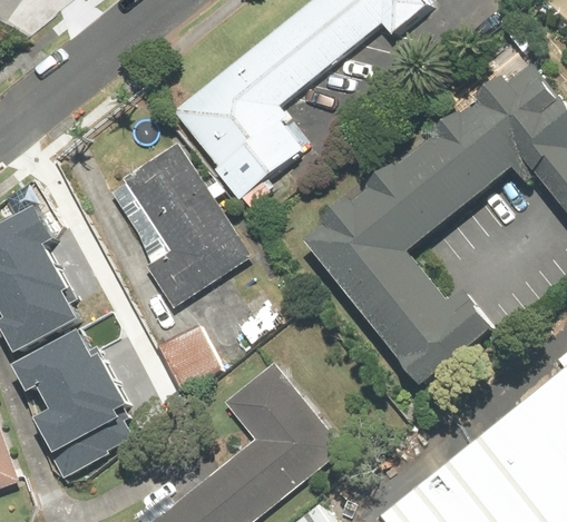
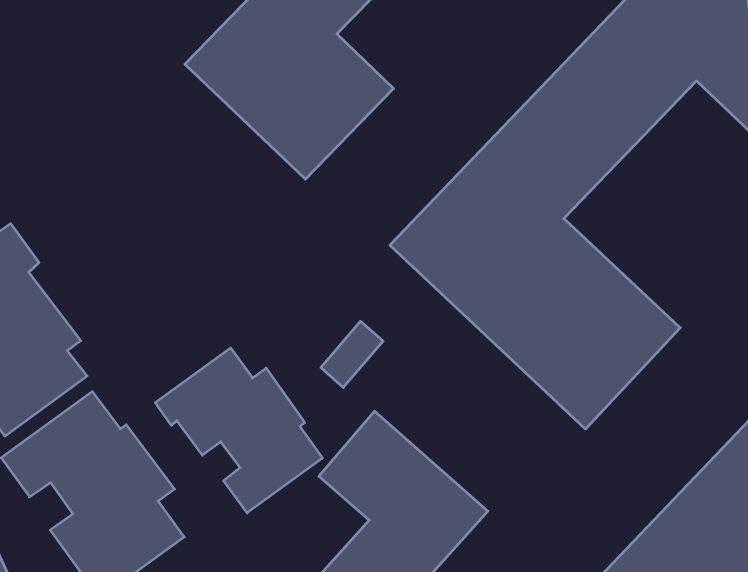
building: [104,138,251,305] -> none
building: none -> [155,348,322,513]

